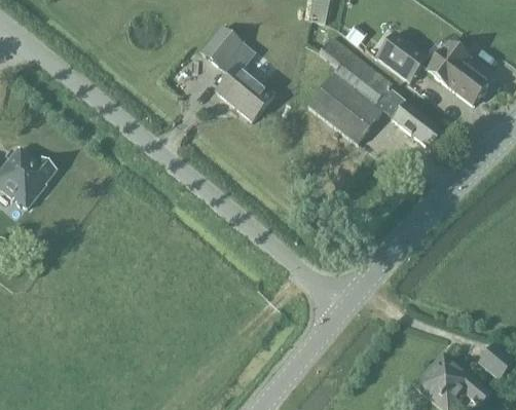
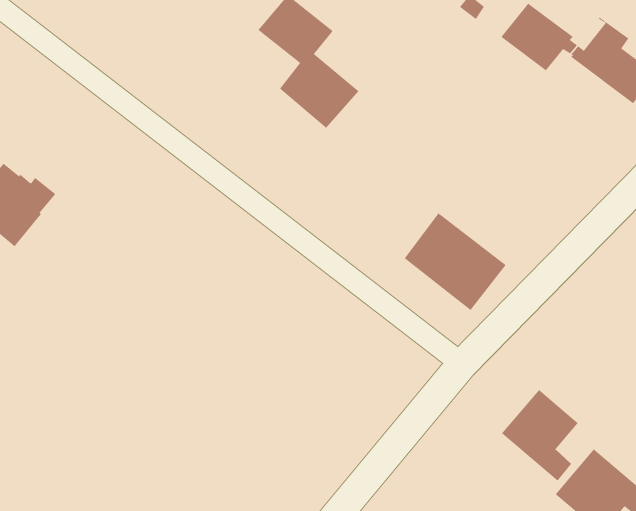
building: [318,35,444,147] -> none
building: [308,72,382,143] -> [404,212,507,311]
building: none -> [501,389,579,482]

